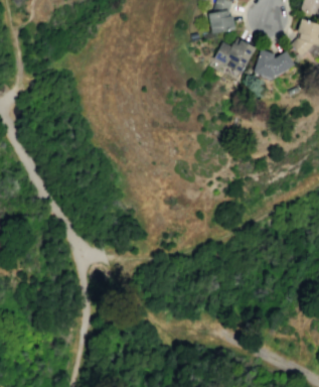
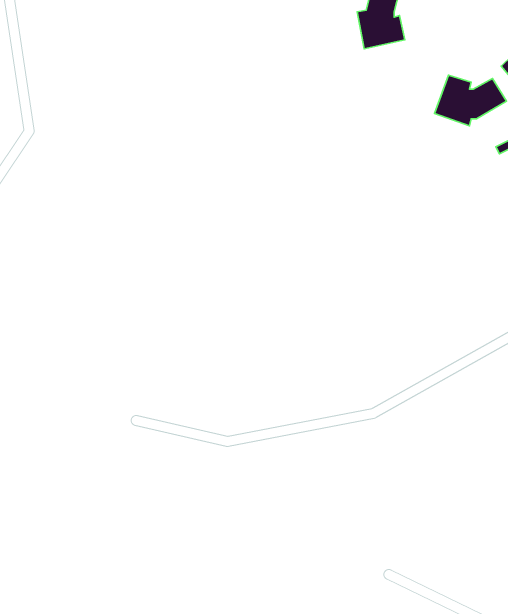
building: [212,39,255,74] -> none

